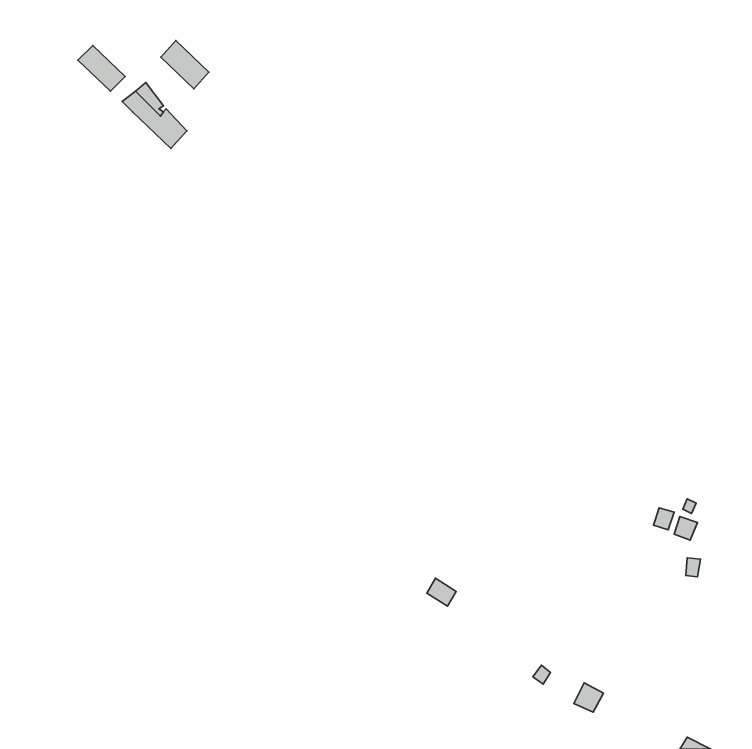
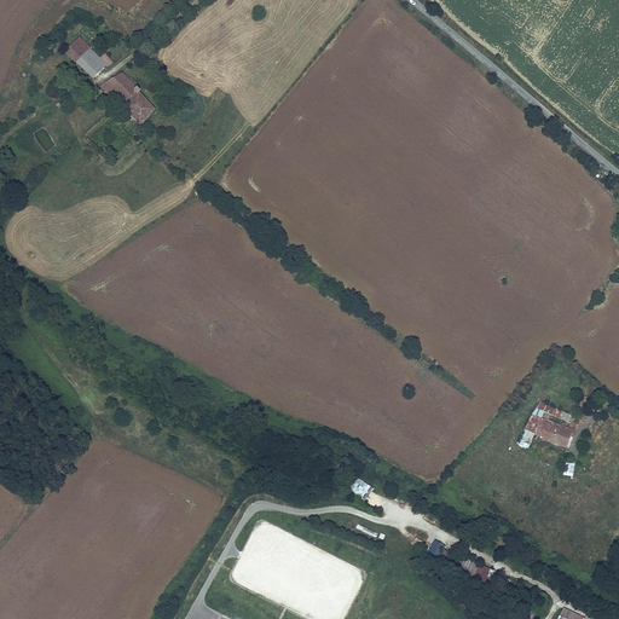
building: [161,41,209,89] -> none

